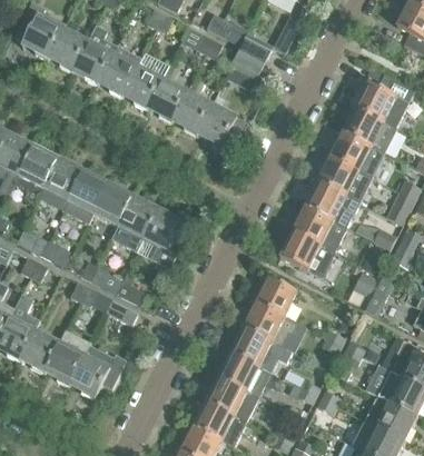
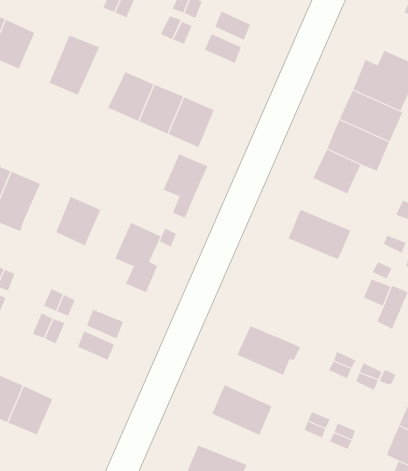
building: [72,24,117,85] -> none
building: [121,50,170,109] -> none
building: [65,170,109,222] -> none
building: [305,180,359,227] -> none
building: [119,196,159,251] -> [163,154,208,218]
building: [279,230,331,270] -> none
building: [256,277,297,317] -> none
building: [230,327,284,373] -> none
building: [68,344,126,398] -> none
building: [205,376,258,422] -> none

